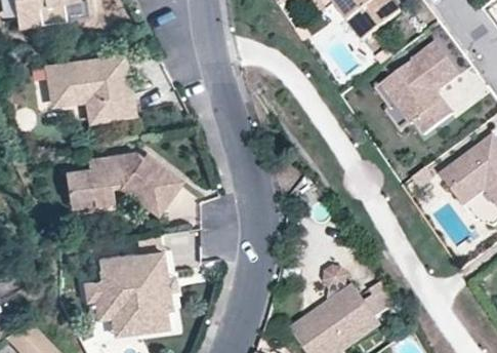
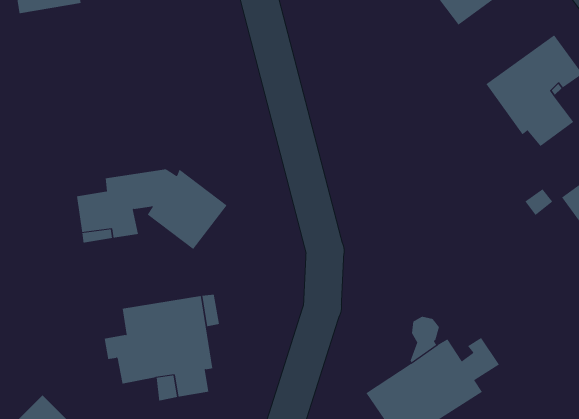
building: [43,55,131,122] -> none

